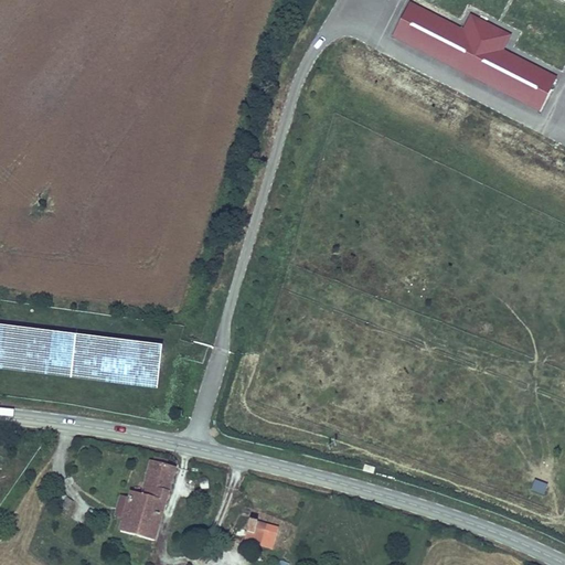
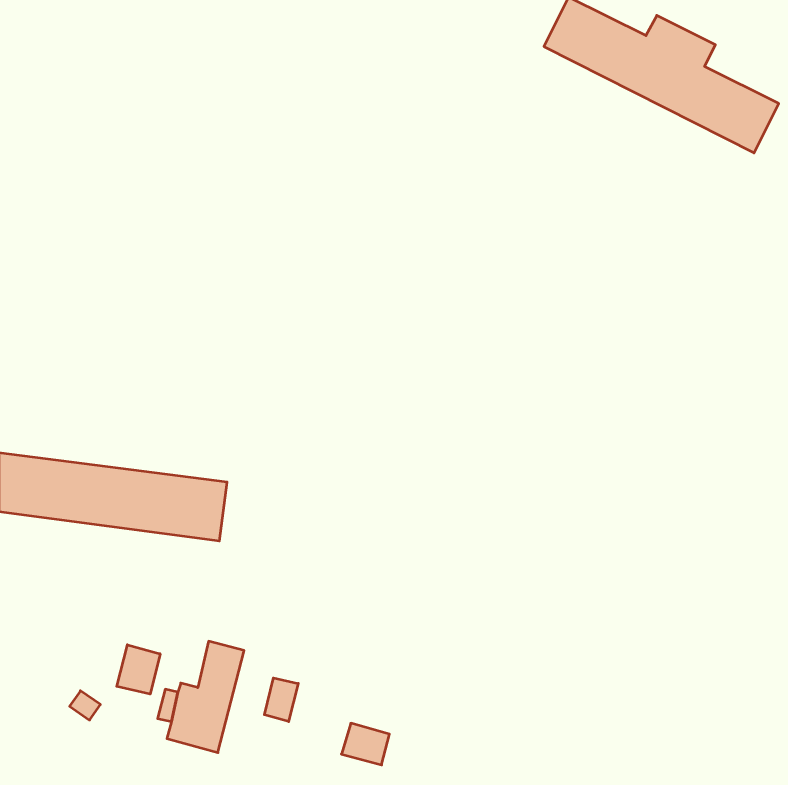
building: none -> [117,645,160,694]
building: none -> [264,678,298,722]

